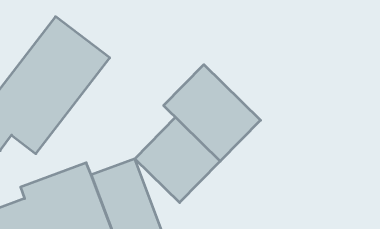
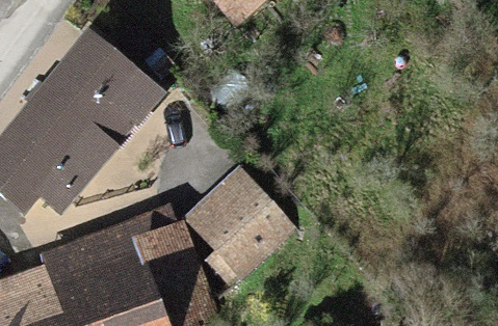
building: [164,65,261,161] -> none

